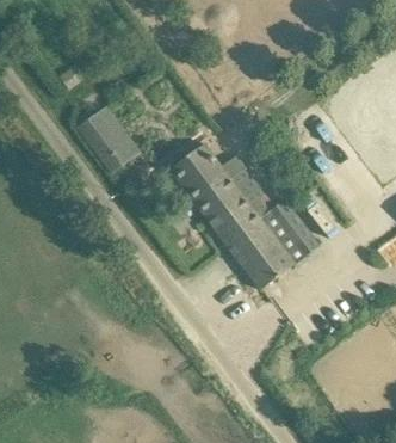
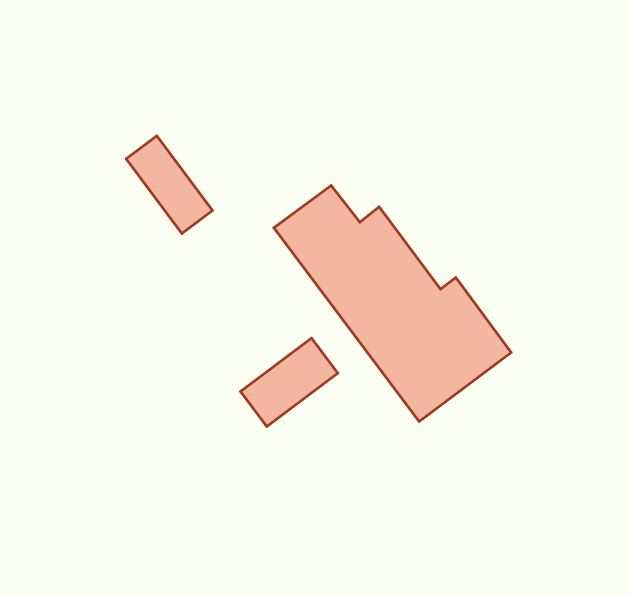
building: none -> [241,338,338,427]

